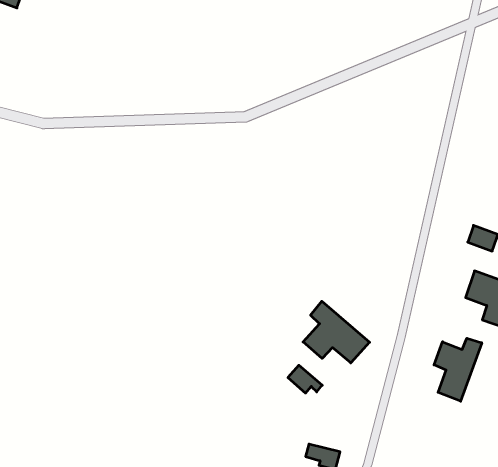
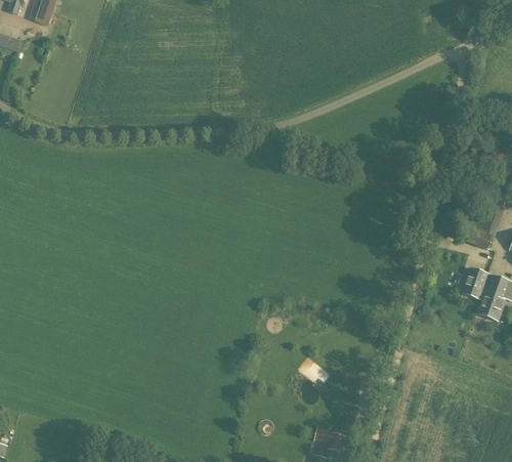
building: [303,301,370,363] -> none
building: [434,338,482,401] -> none

